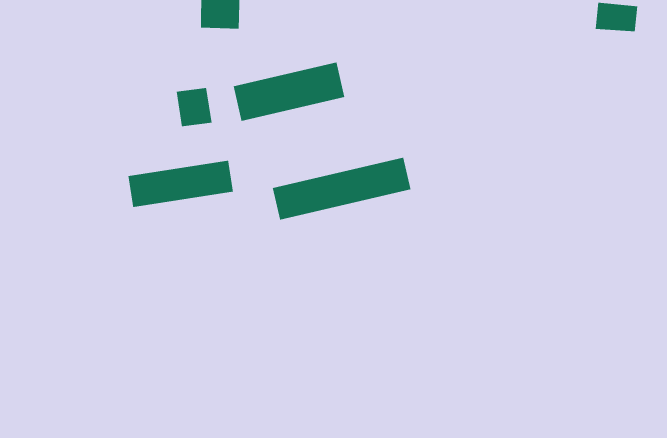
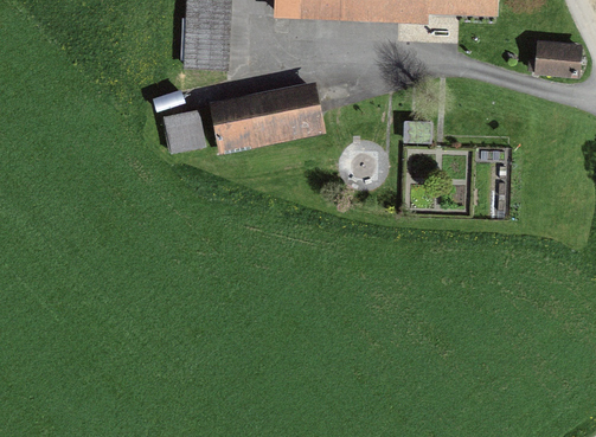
building: [272,157,411,220] -> none
building: [128,160,233,208] -> none

